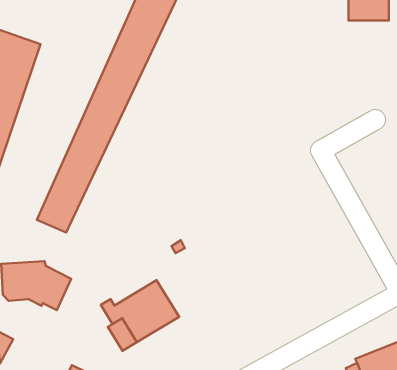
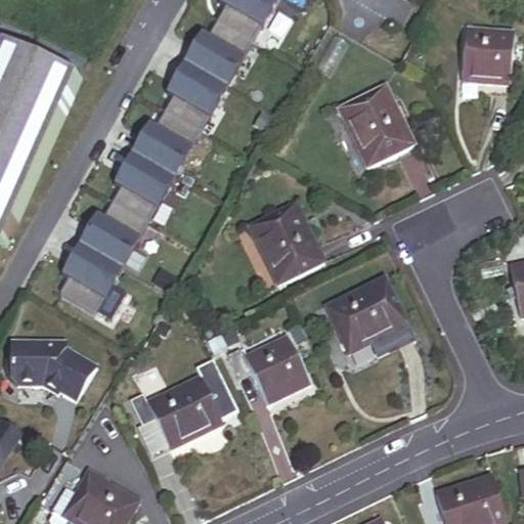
building: none -> [339,86,412,166]
building: none -> [250,204,323,282]
building: none -> [328,278,406,352]
building: none -> [227,336,310,403]

